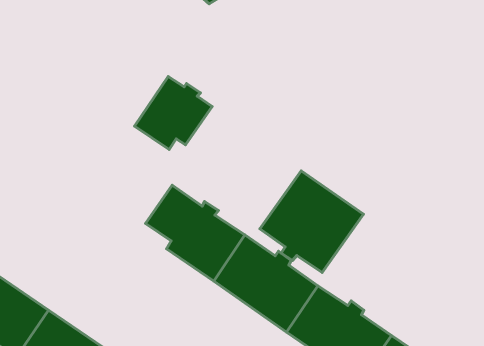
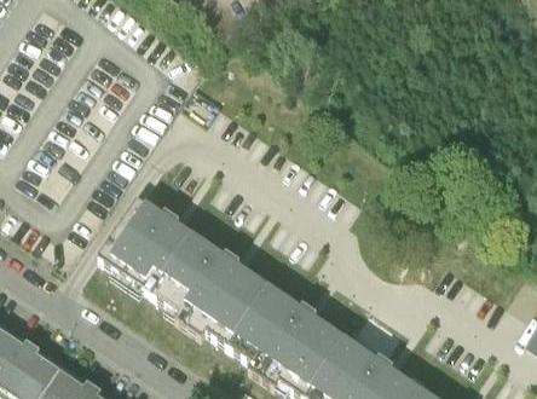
building: [135,77,212,149] -> [109,198,190,274]
building: [260,171,364,272] -> none

